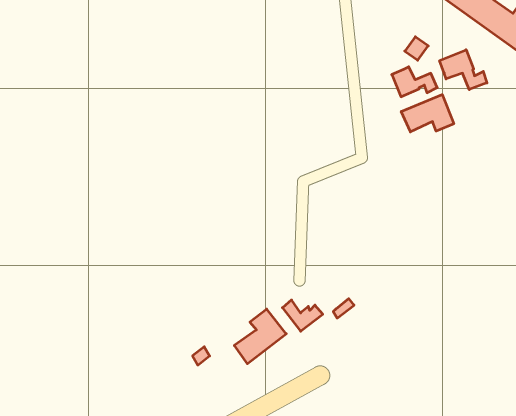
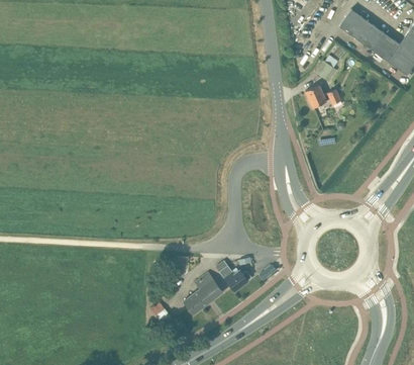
building: [440,50,487,90] -> none
building: [401,95,454,132] -> none

